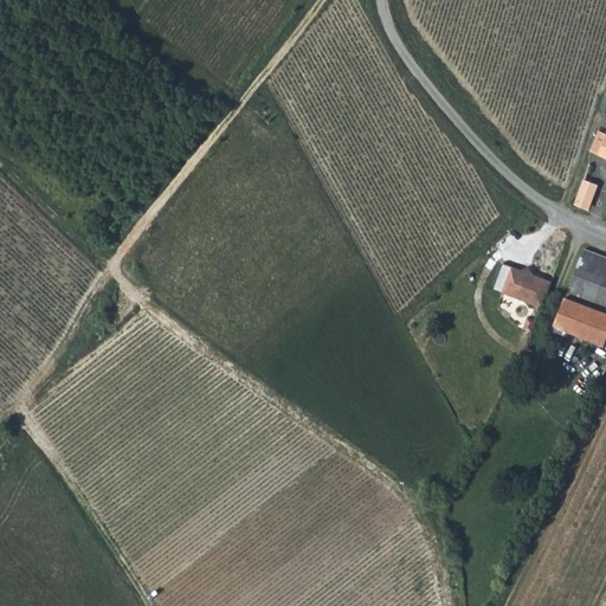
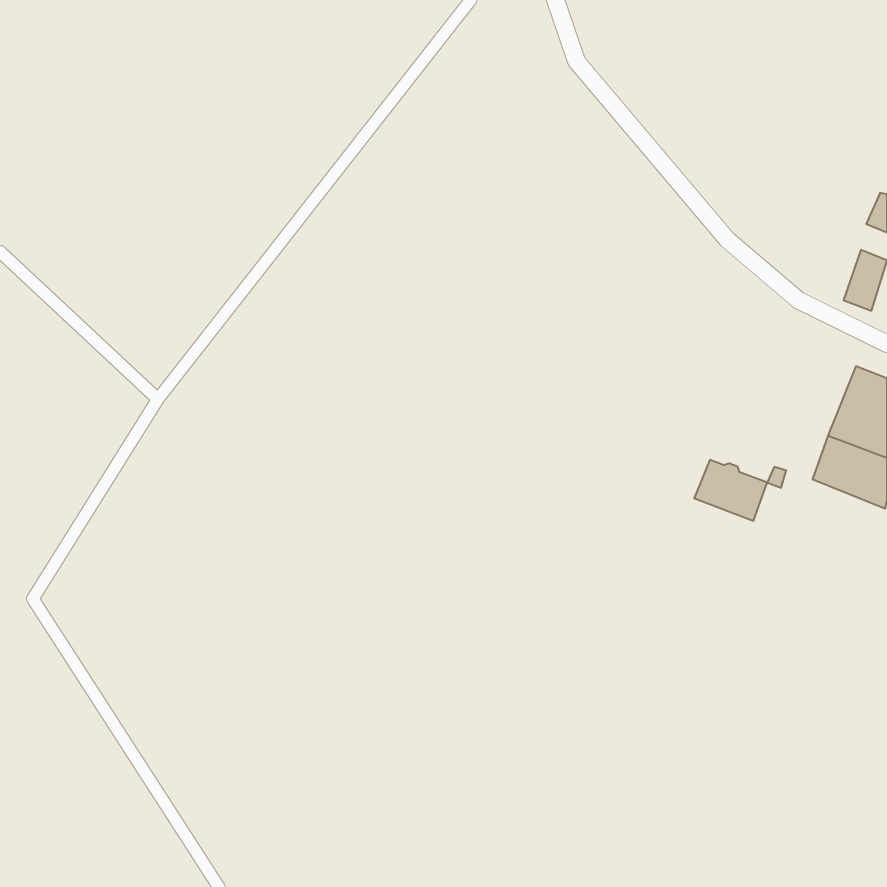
building: [502,266,552,308] -> [694,460,767,521]

